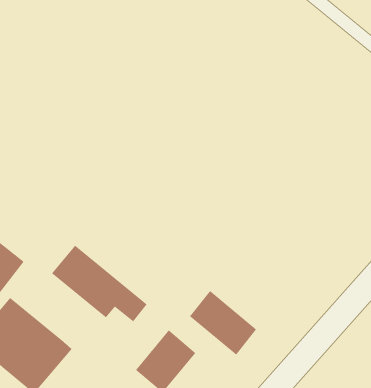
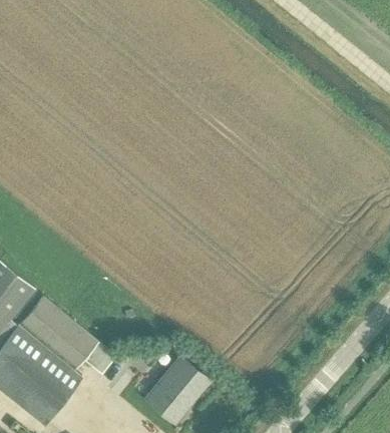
building: [51,245,147,322] -> [18,296,116,375]
building: [189,290,257,355] -> none

